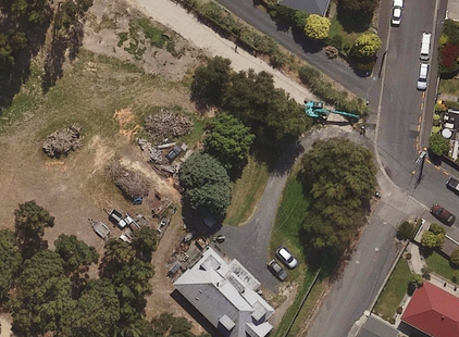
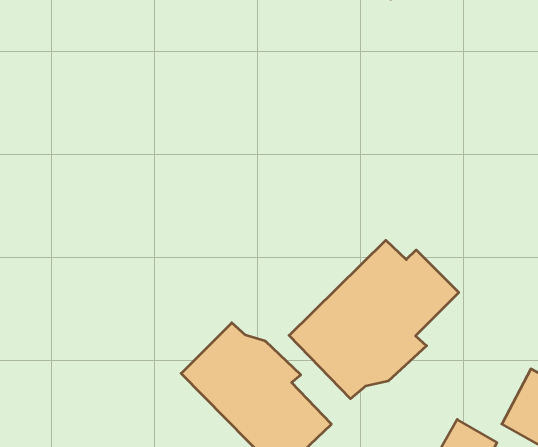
building: none -> [289,240,459,399]

